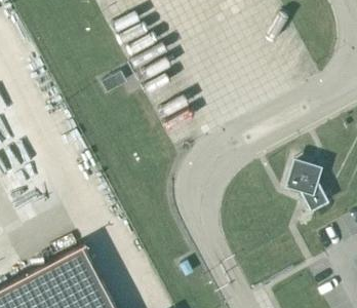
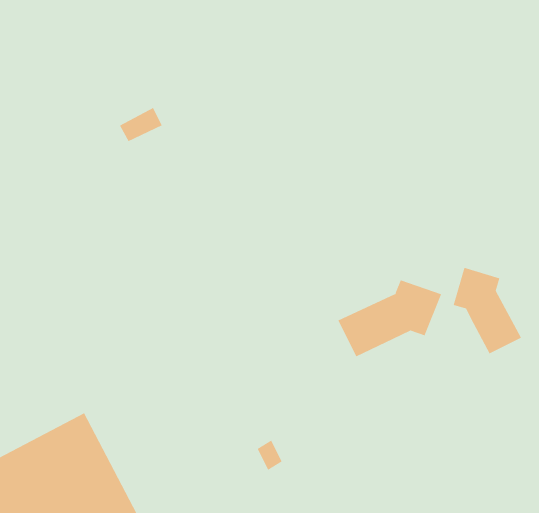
building: none -> [338,279,442,357]

